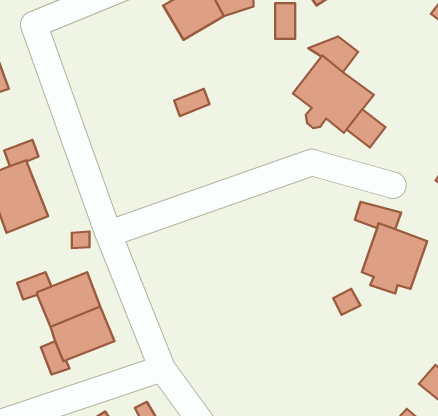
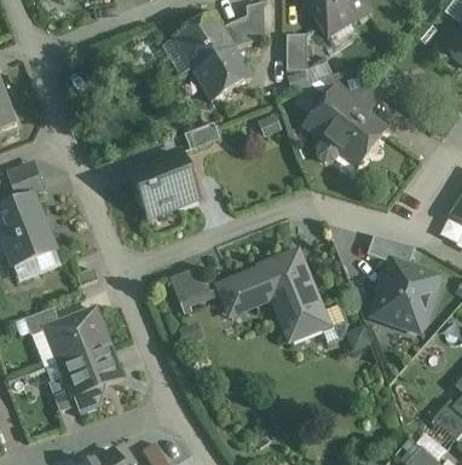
building: none -> [192,47,252,100]
building: [347,109,385,148] -> none
building: none -> [131,151,198,216]
building: none -> [216,251,328,341]
building: none -> [168,266,207,303]

